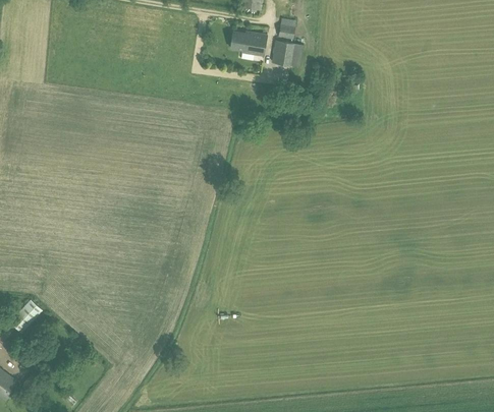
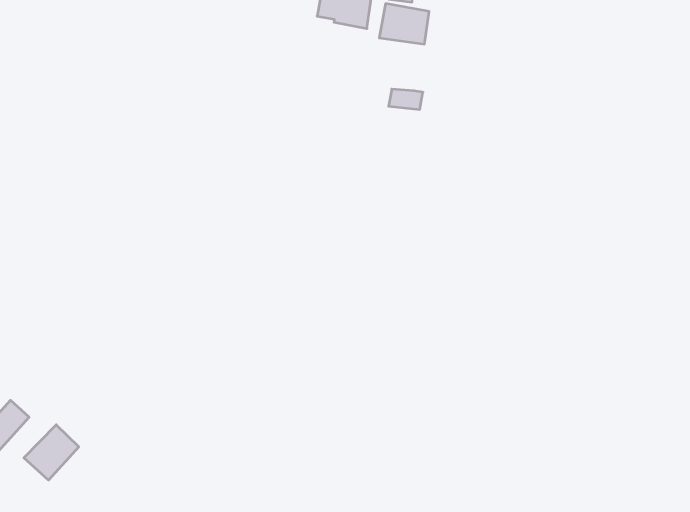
building: none -> [24,425,79,480]

